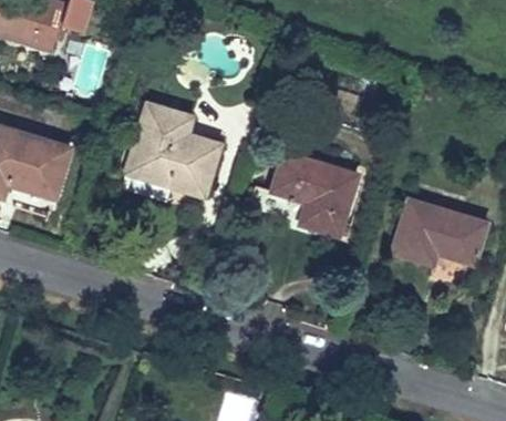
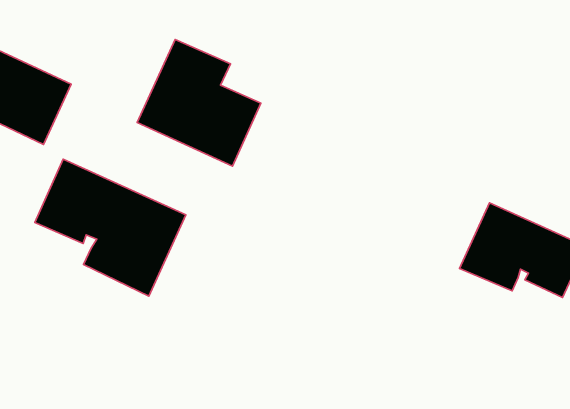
building: [272,154,358,237] -> none
building: none -> [35,159,186,296]

